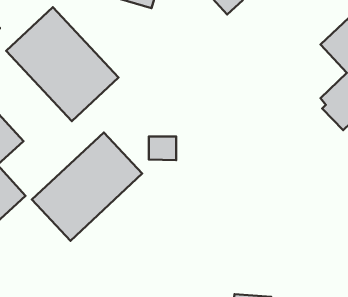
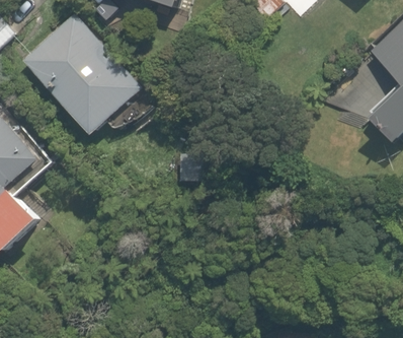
building: [32,132,142,241] -> none

